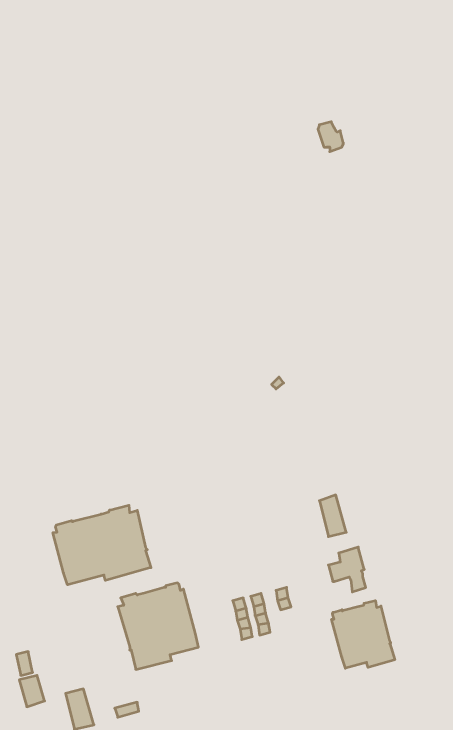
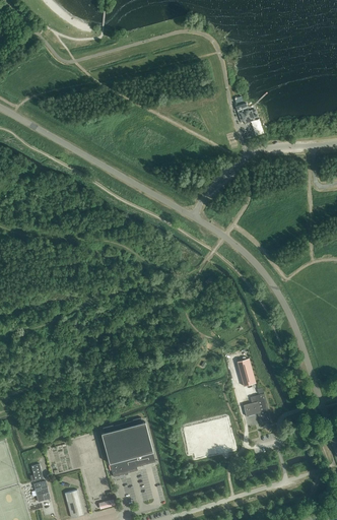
building: [53,505,151,585] -> none
building: [332,601,395,668] -> none

